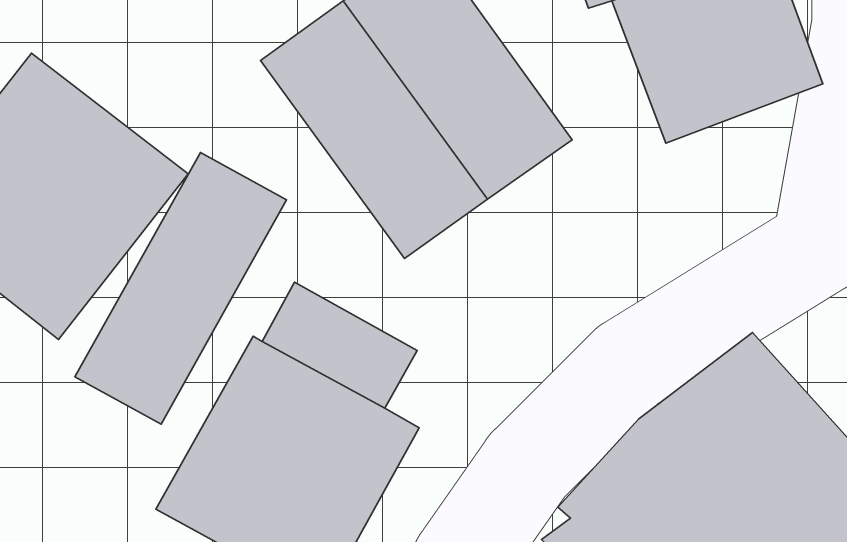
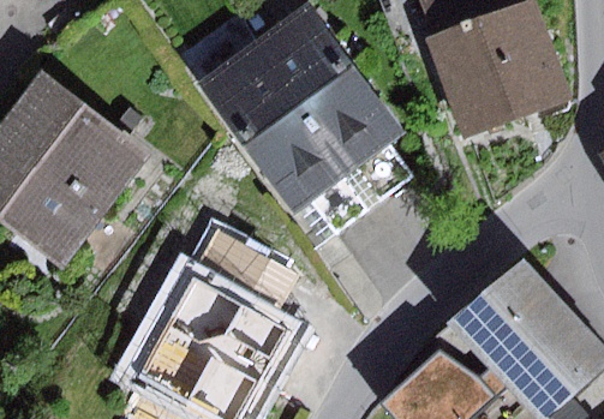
building: [75,152,287,424] -> none

